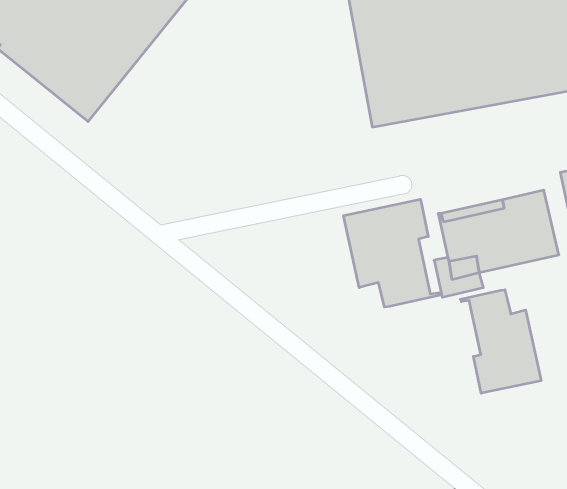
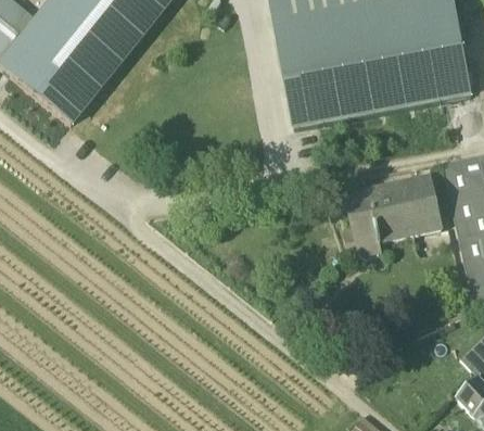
building: [343,199,442,307] -> none
building: [460,290,541,393] -> none

